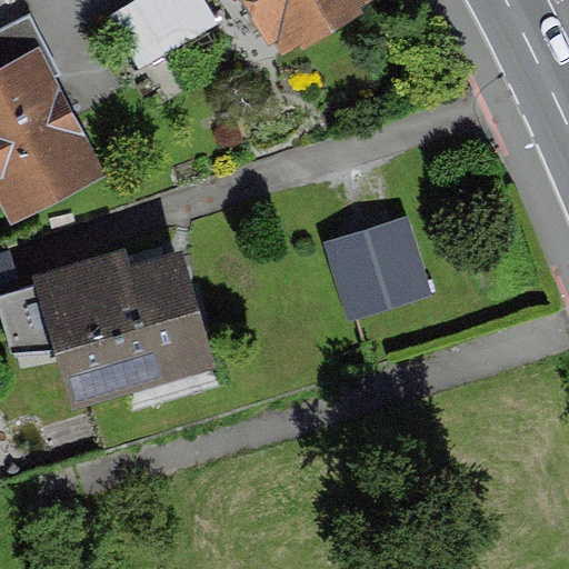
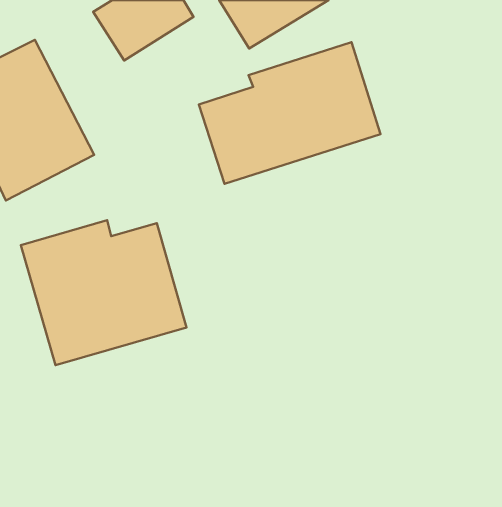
building: none -> [199,42,380,184]
building: [327,216,436,320] -> none

